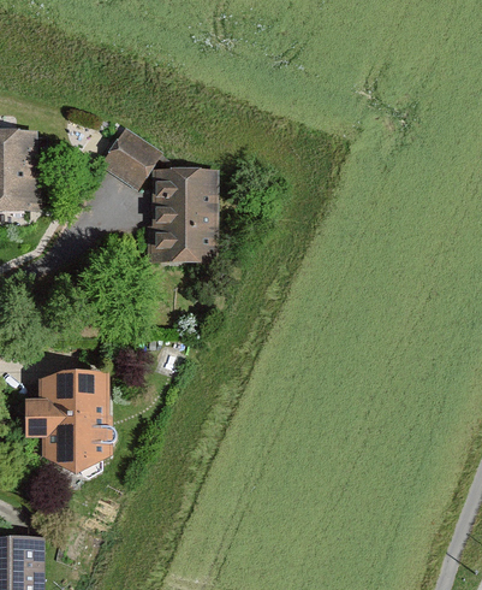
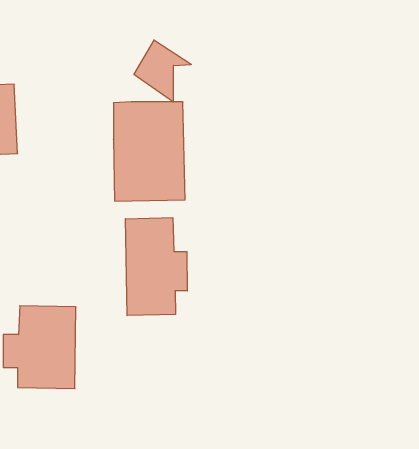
building: [101,126,163,194] -> [134,40,191,102]
building: none -> [125,218,187,316]

